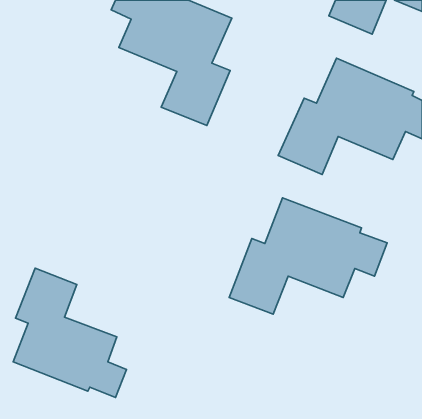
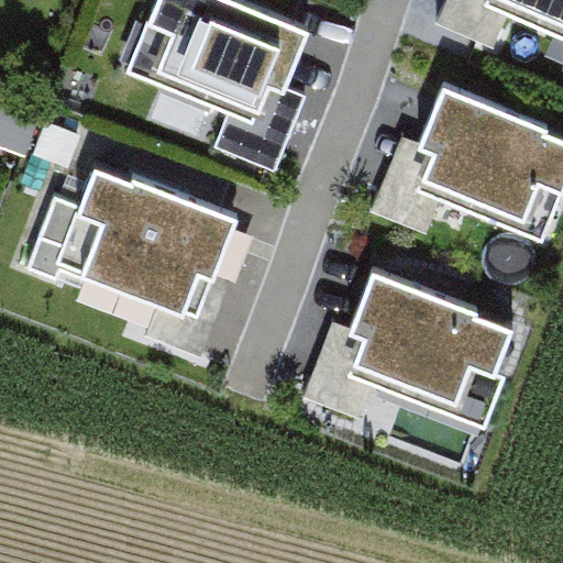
building: none -> [25,168,235,362]
building: [13,268,127,397] -> none

